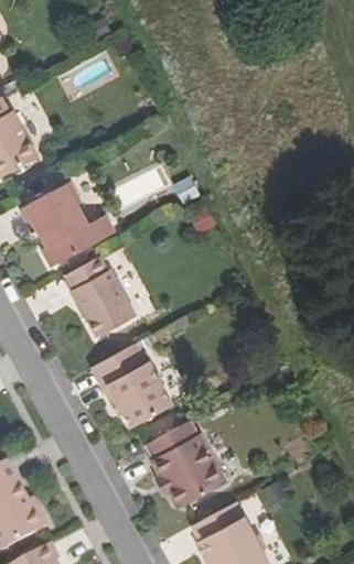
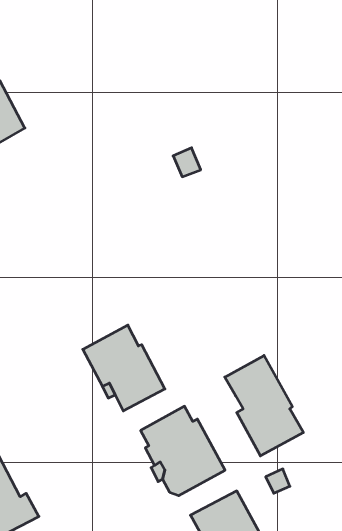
building: [18,181,112,268] -> none
building: [66,257,133,336] -> none
building: none -> [225,355,303,456]

